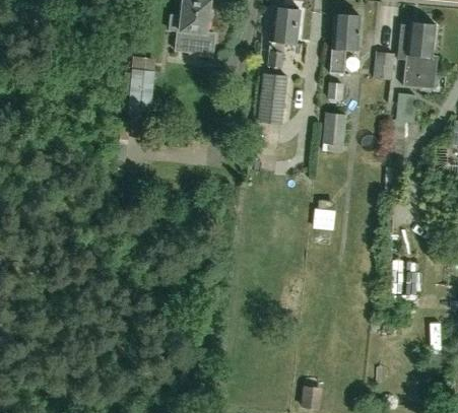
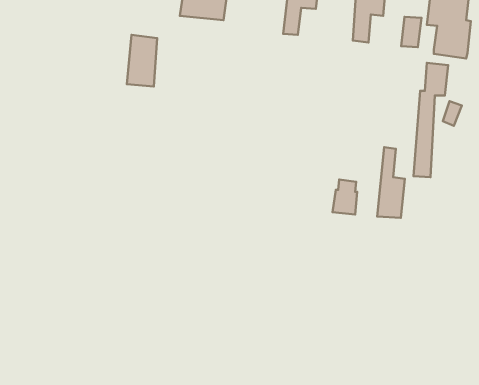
building: [258,71,287,124] -> none
building: [322,111,347,152] -> none
building: none -> [377,147,405,218]

